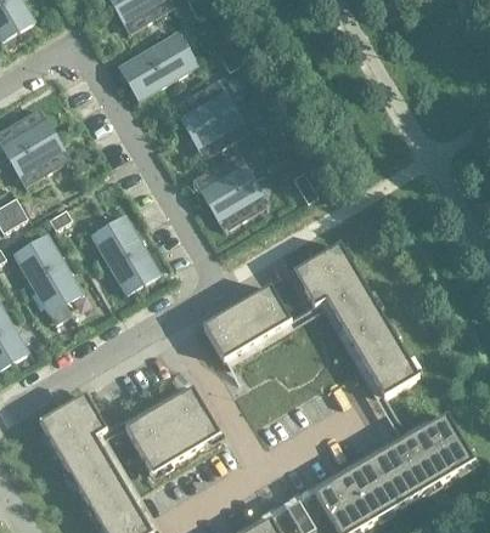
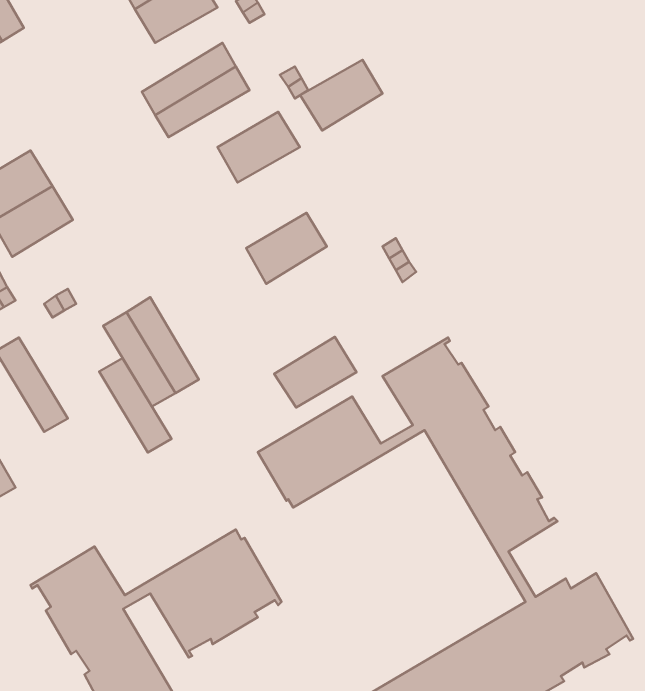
building: [188,108,248,159] -> [300,60,383,131]
building: [209,180,269,231] -> [274,337,357,408]
building: [30,236,83,304] -> [99,358,171,452]

